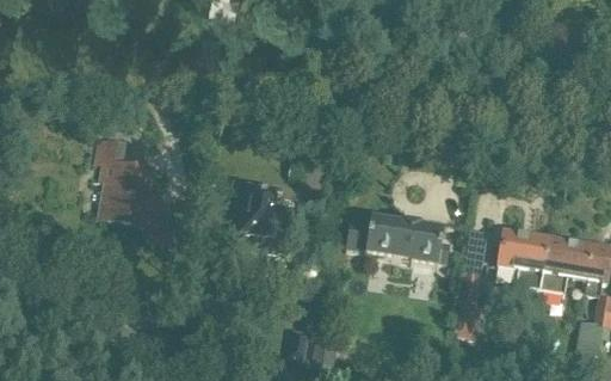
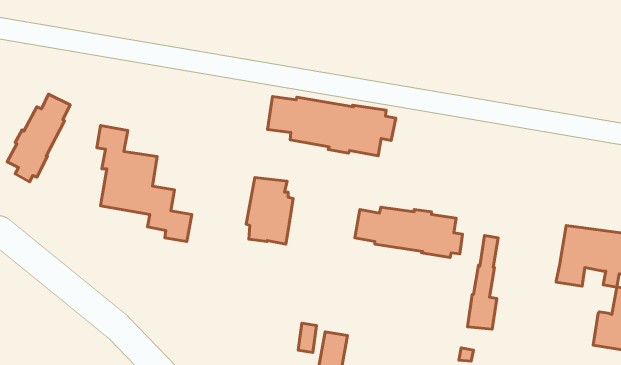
building: none -> [7,94,70,182]
building: none -> [268,97,396,156]
building: [498,228,550,290] -> none

